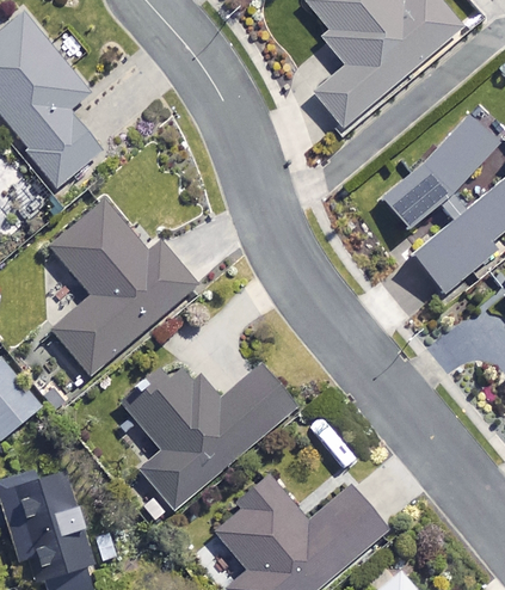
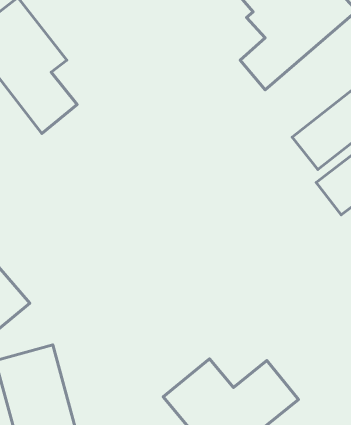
building: [50,199,197,376] -> none
building: [118,351,294,508] -> none

